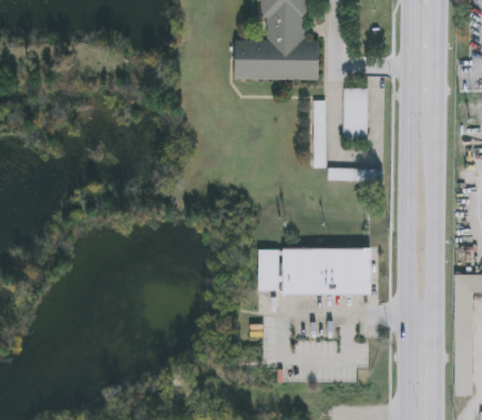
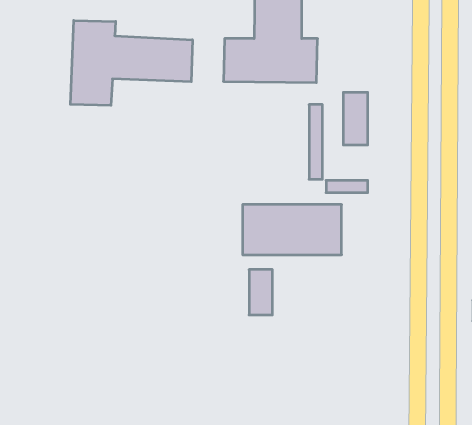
building: none -> [70,20,192,105]
building: [283,248,372,294] -> [243,205,342,255]

